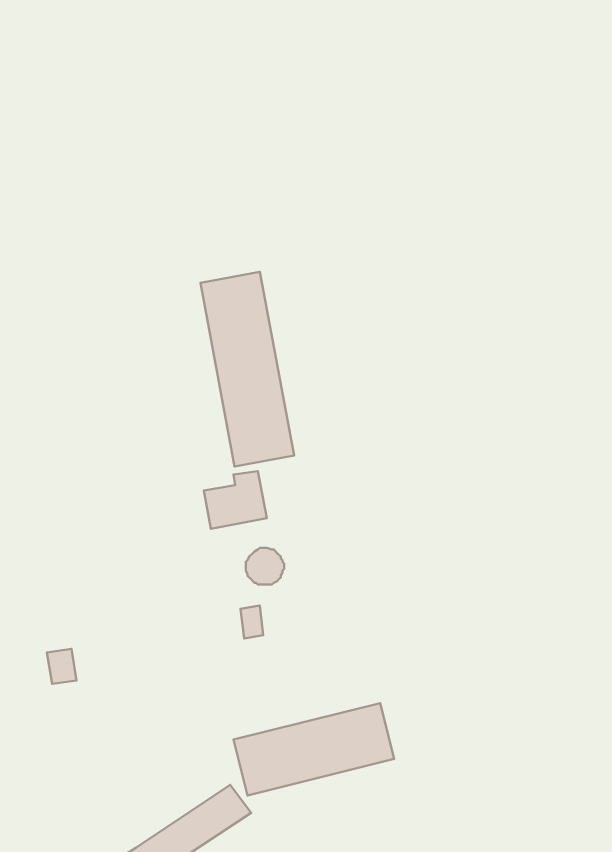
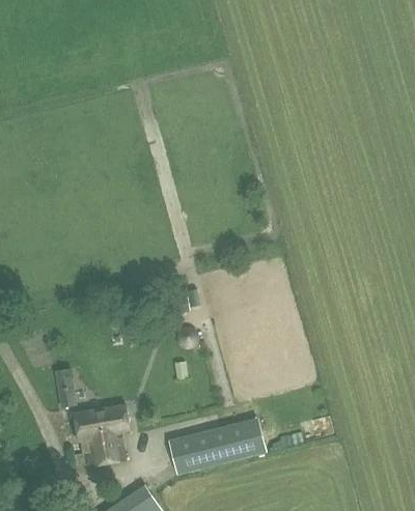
building: [201,272,294,467] -> none
building: none -> [70,405,129,467]

